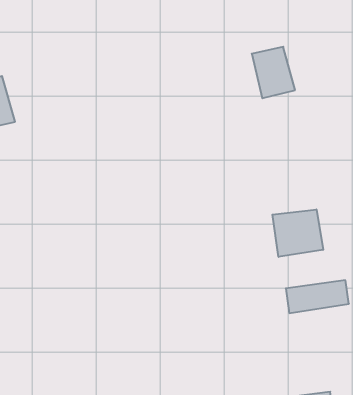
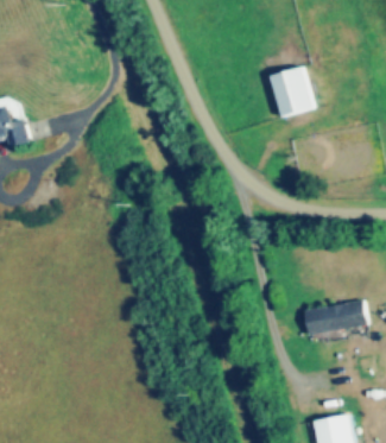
building: [272,209,323,257] -> none

